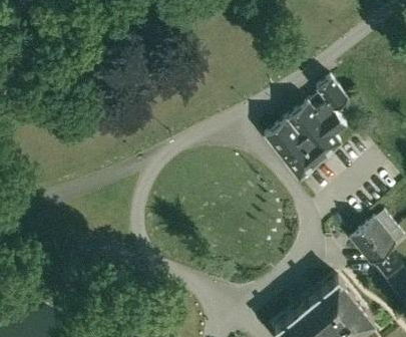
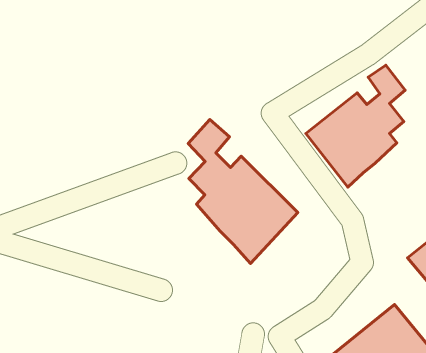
building: none -> [188,120,298,264]

